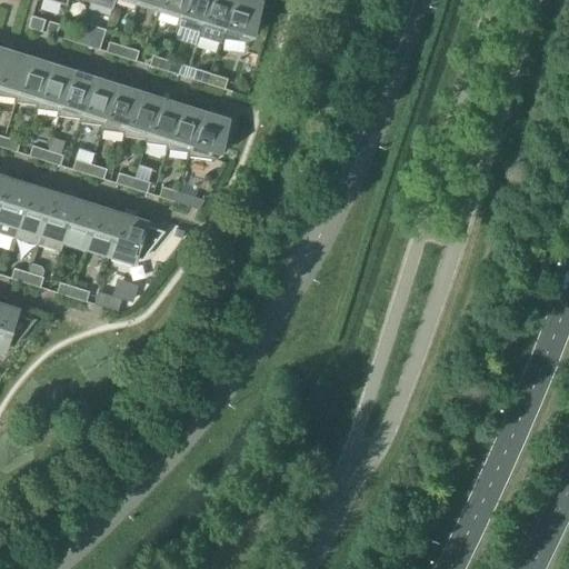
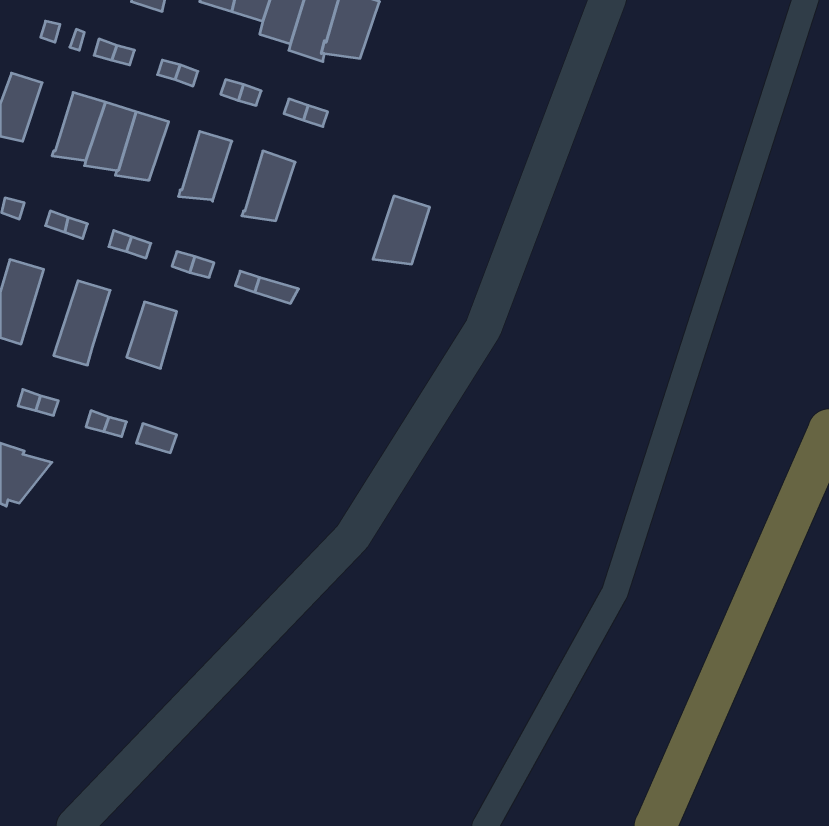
building: [14,57,50,103] -> none
building: [101,83,137,130] -> none
building: [144,97,180,144] -> none
building: [188,111,227,158] -> [373,196,430,264]
building: [14,184,53,243] -> none
building: [63,199,99,244] -> none
building: [110,213,164,259] -> none

